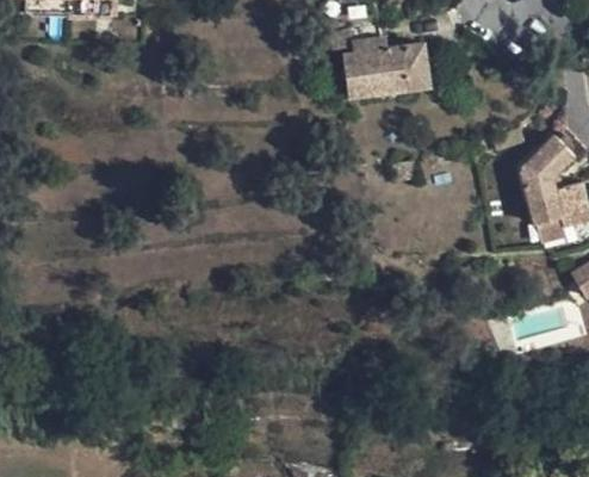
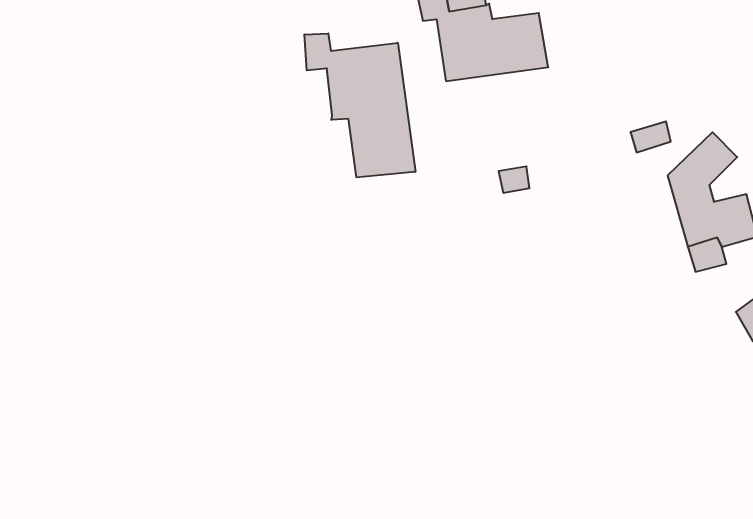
building: none -> [304,33,415,177]

